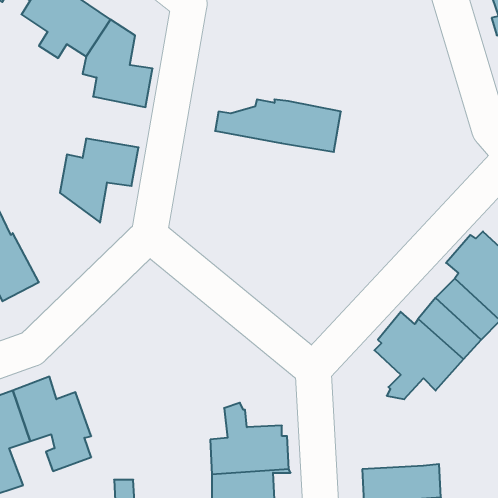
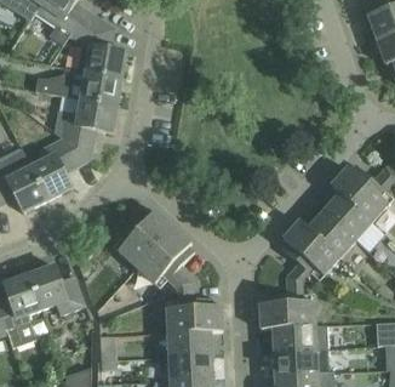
building: [215,99,341,152] -> [35,69,122,106]
building: none -> [30,137,91,199]
building: none -> [113,207,194,286]
building: none -> [259,278,315,329]

